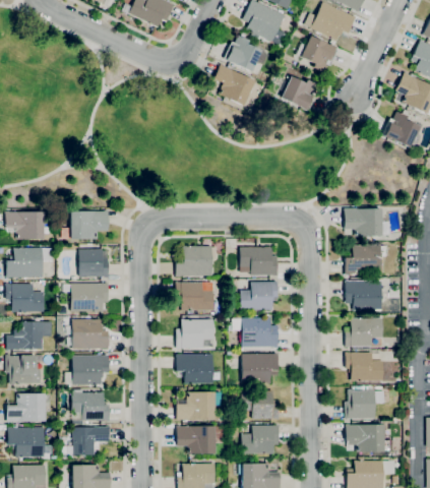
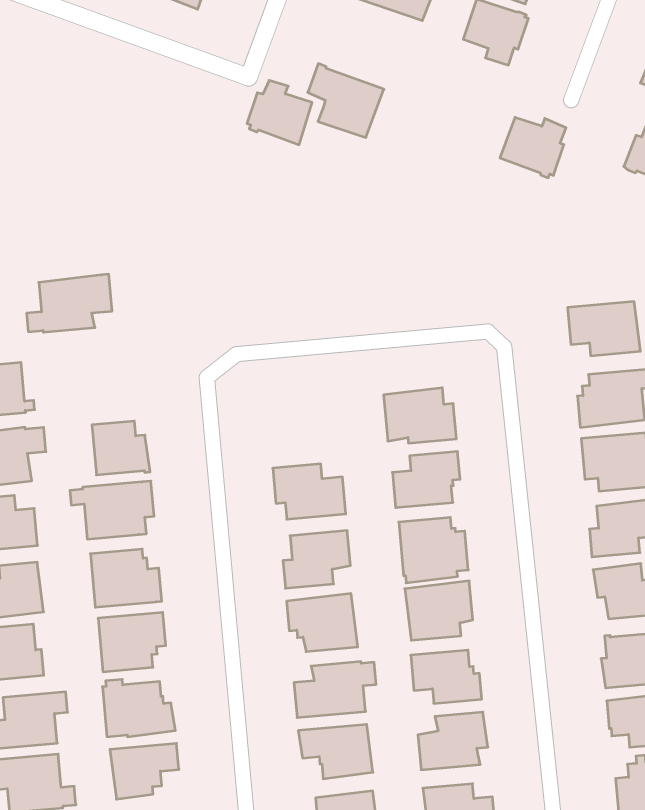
building: [225,36,261,72] -> [247,80,312,145]
building: [281,76,318,111] -> [500,117,566,178]
building: [62,210,109,239] -> [27,274,112,332]
building: [176,246,212,276] -> none

